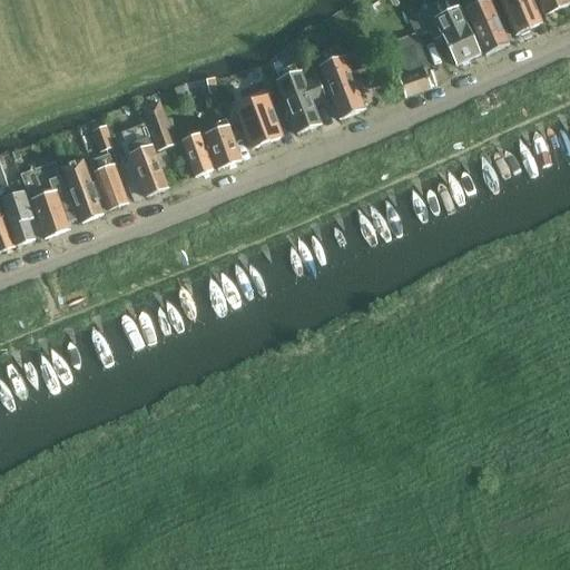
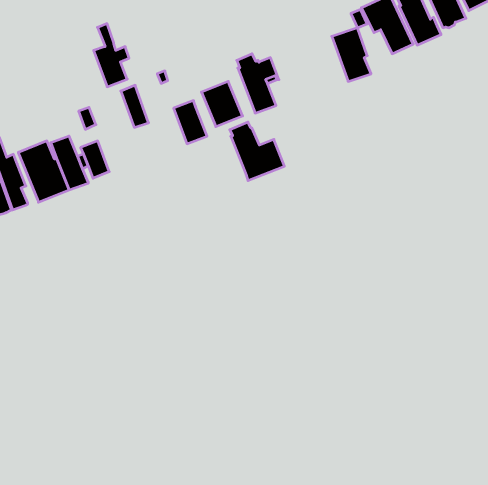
building: [317,49,381,117] -> [230,122,284,181]
building: [128,121,169,195] -> [94,24,129,87]
building: [180,132,212,175] -> none

